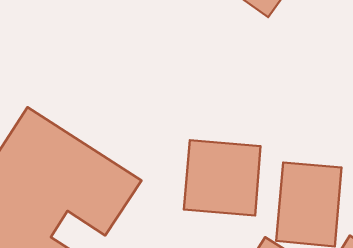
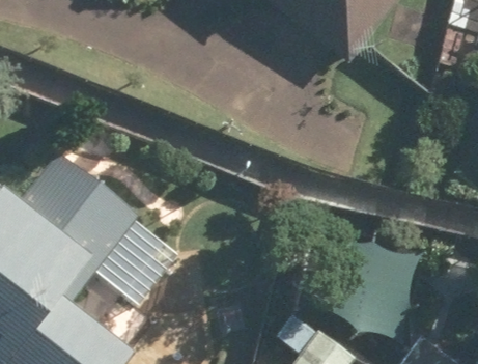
building: [184,140,260,216] -> none

